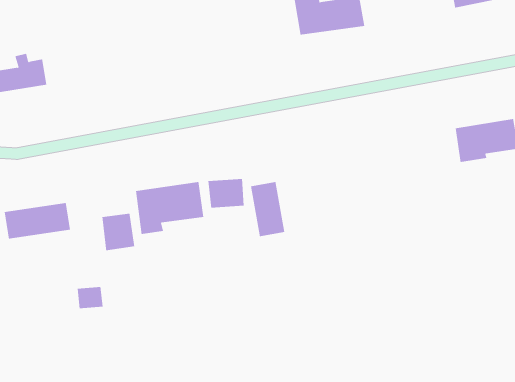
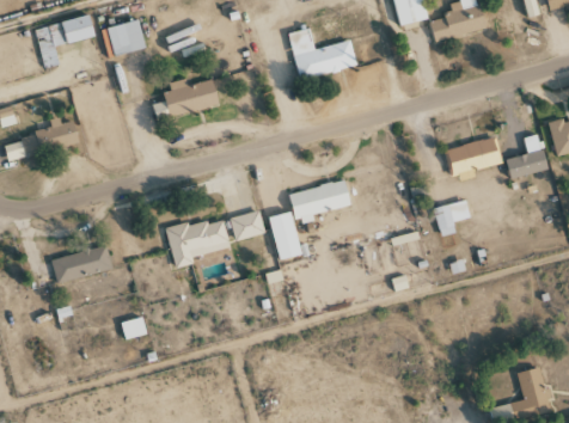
building: none -> [153,78,220,121]
building: none -> [290,179,353,223]
building: none -> [433,203,457,237]
building: [102,213,135,251] -> none

